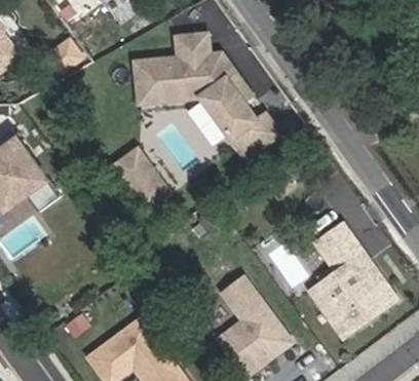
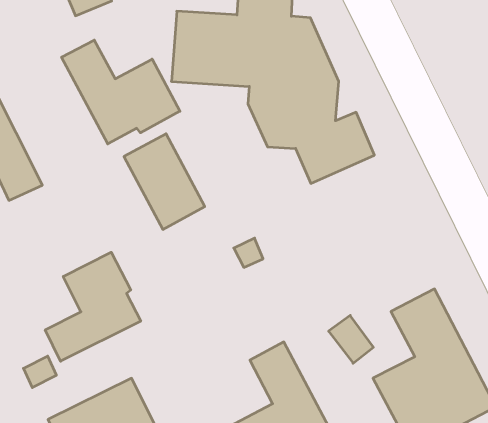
building: none -> [62,40,180,144]
building: none -> [45,252,141,361]

